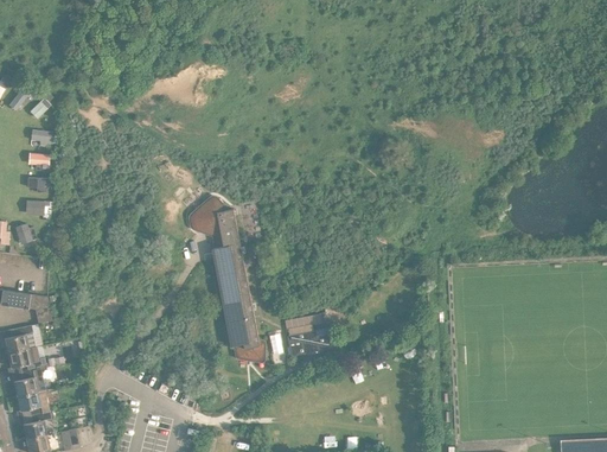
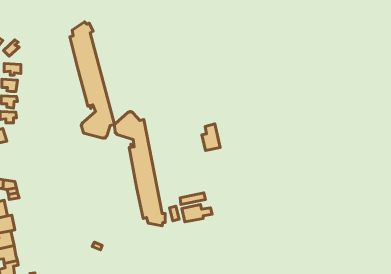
building: none -> [70,22,114,138]
building: none -> [202,124,220,150]

